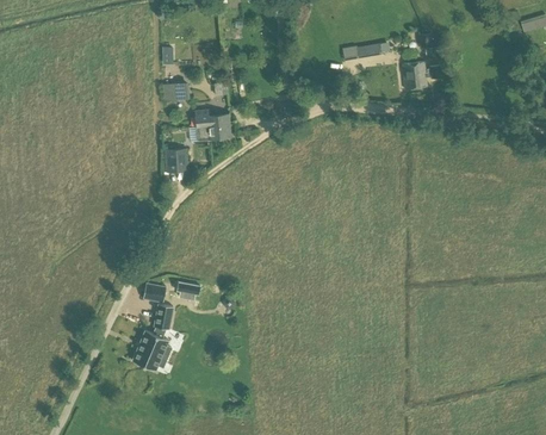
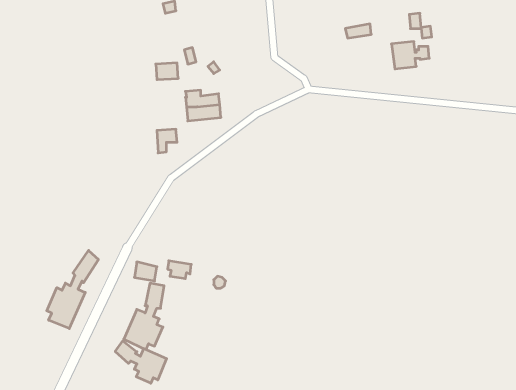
building: none -> [47,250,98,329]
building: none -> [115,341,167,383]

